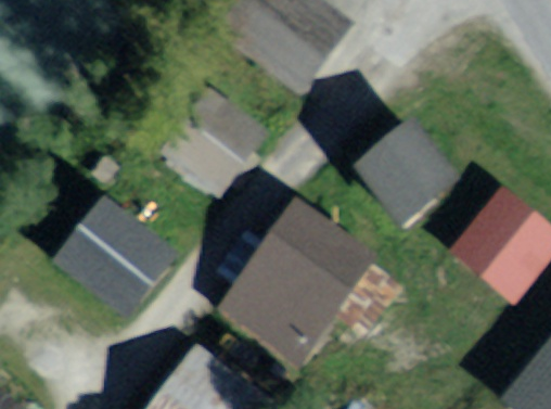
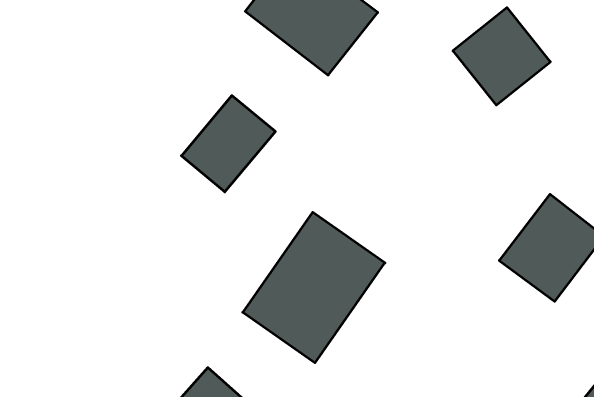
building: [367,129,454,217] -> [453,8,550,105]
building: [62,202,175,314] -> none

